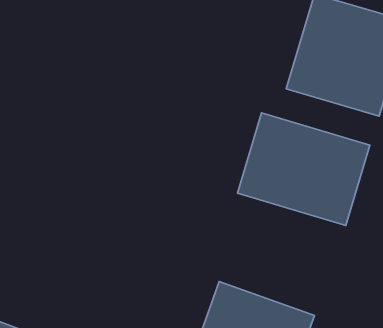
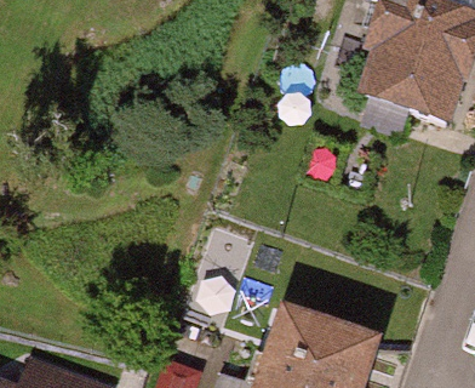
building: [238,113,370,226] -> none

